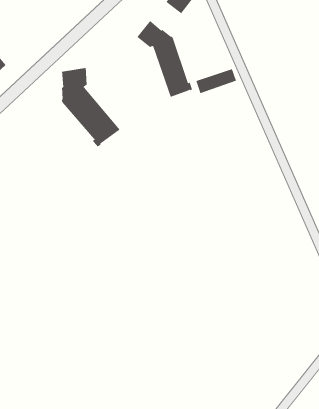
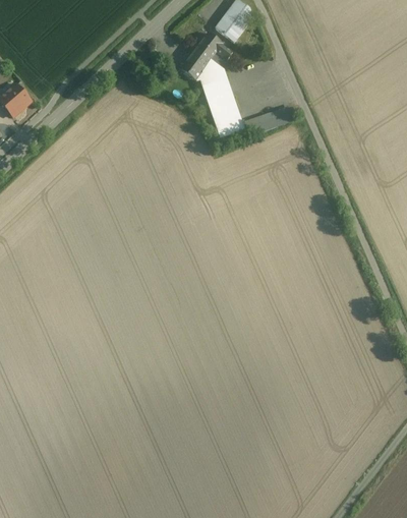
building: none -> [196,33,232,60]
building: [61,67,121,147] -> none

